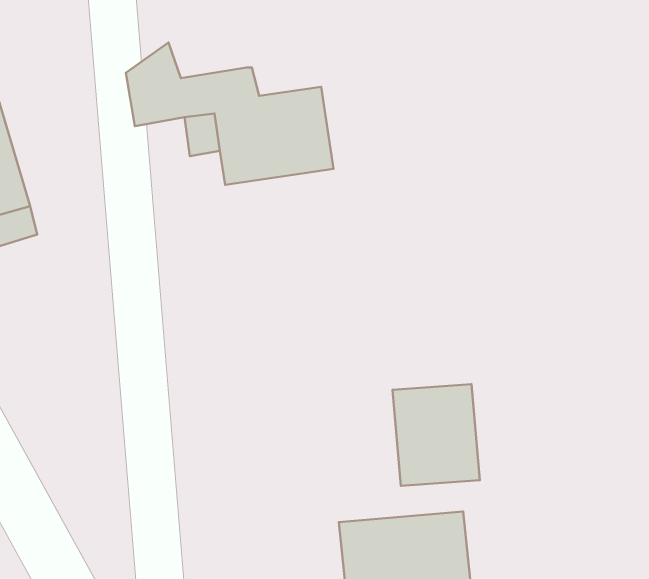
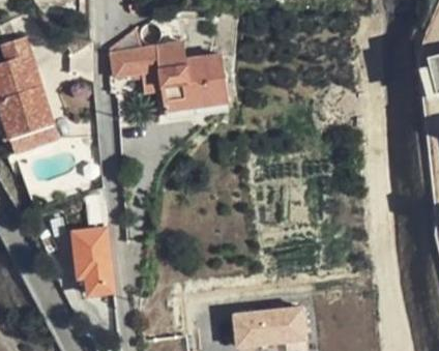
building: none -> [72,228,112,294]
building: [393,384,480,486] -> none

